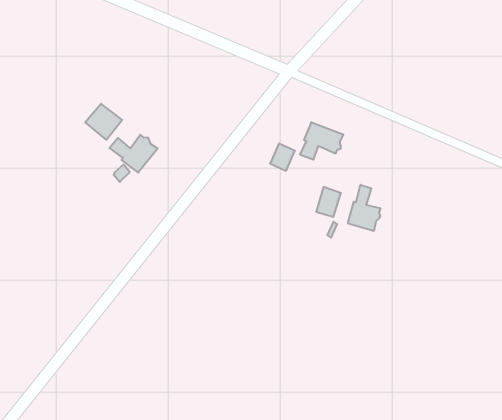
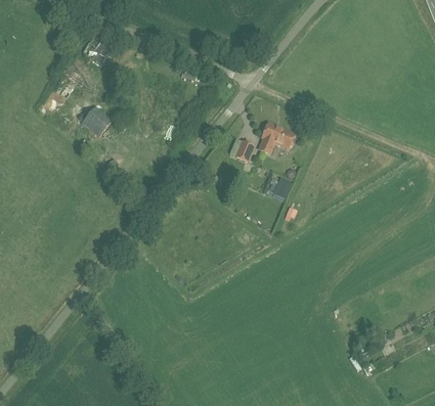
building: [109,135,158,173] -> none
building: [348,185,380,231] -> none

